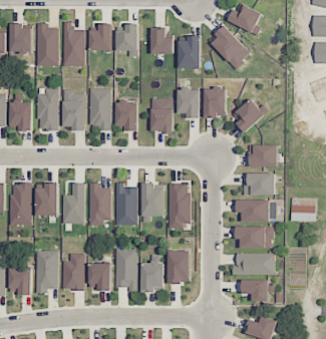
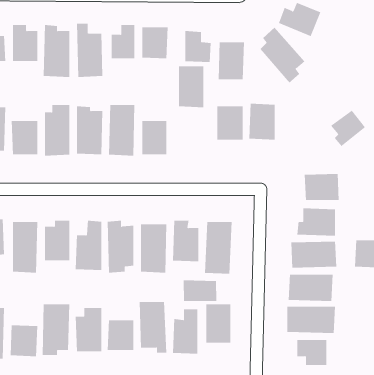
building: [151,98,173,132] -> [178,66,204,108]
building: [234,99,263,129] -> [330,110,366,147]
building: none -> [183,280,217,302]

